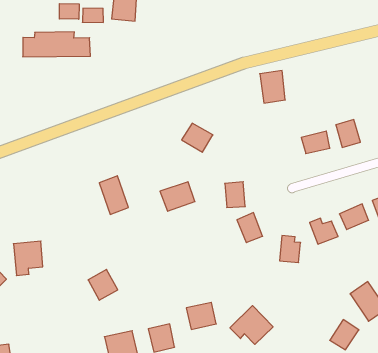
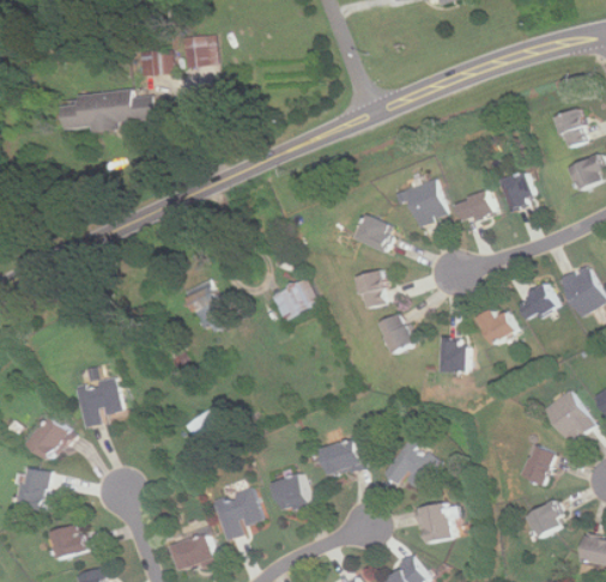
building: [59,4,79,19] -> none
building: [260,71,285,103] -> [405,177,443,224]
building: [182,123,213,152] -> [353,213,395,251]

